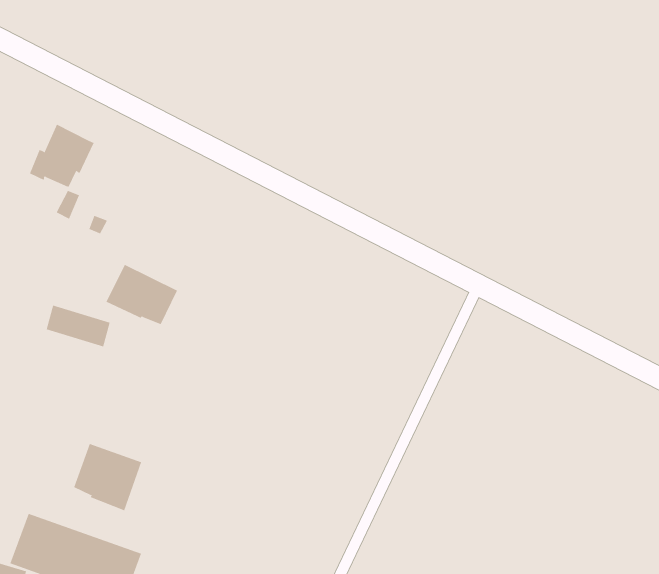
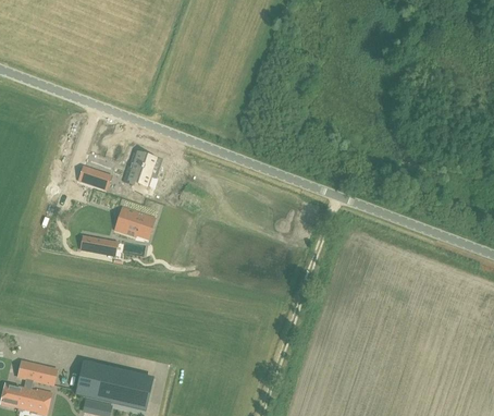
building: [29,124,94,187] -> [123,150,160,187]
building: [73,443,142,511] -> none

